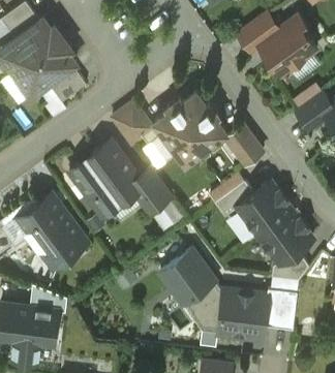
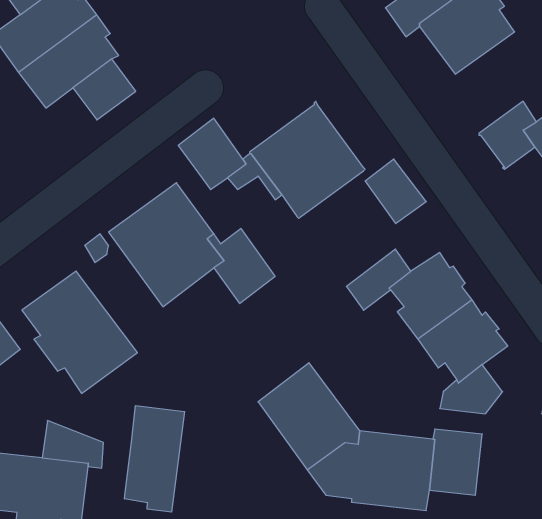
building: none -> [125,406,185,512]

